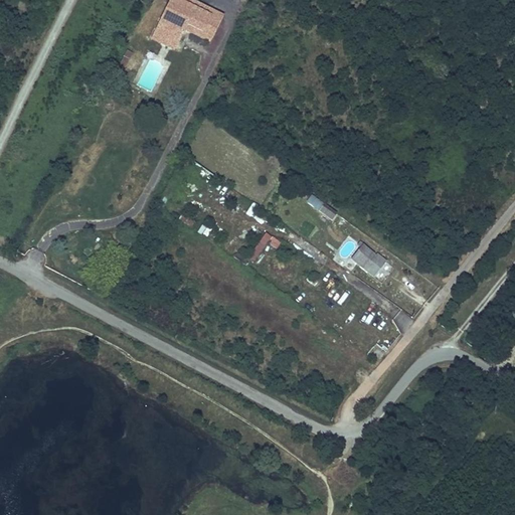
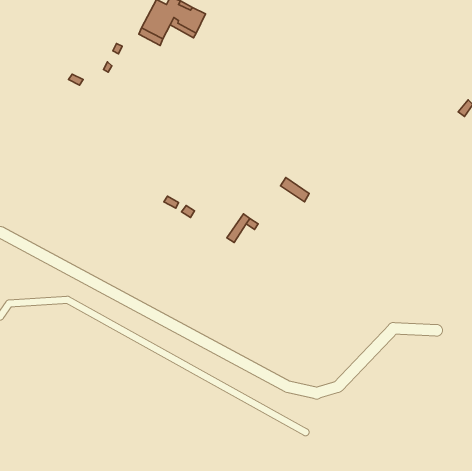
building: [353,238,385,274] -> none

